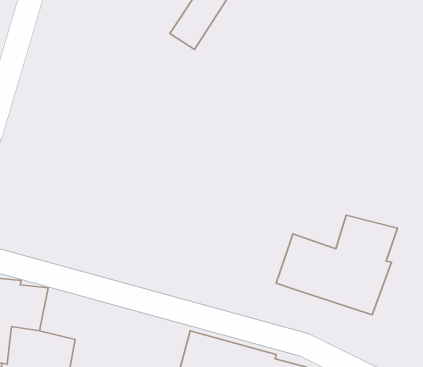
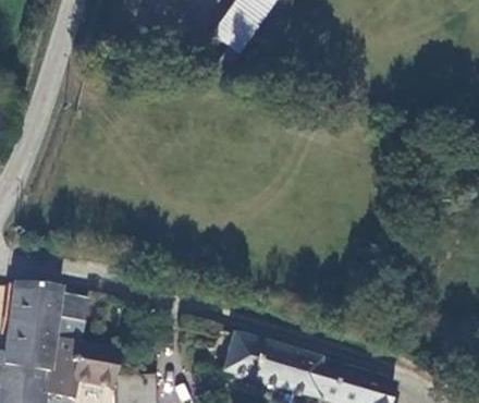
building: [276,215,398,315] -> none

